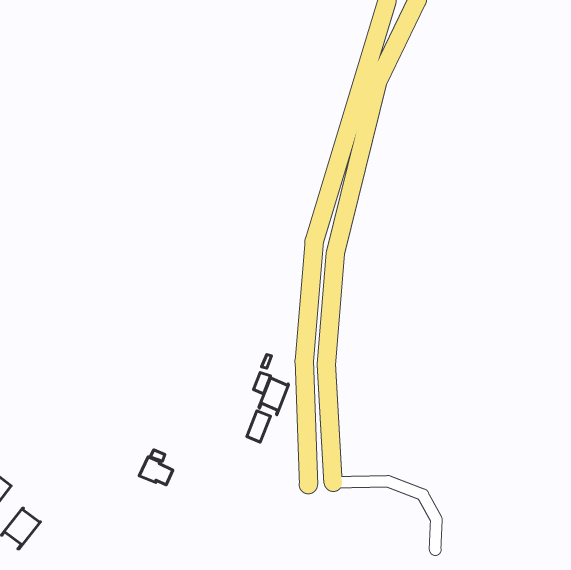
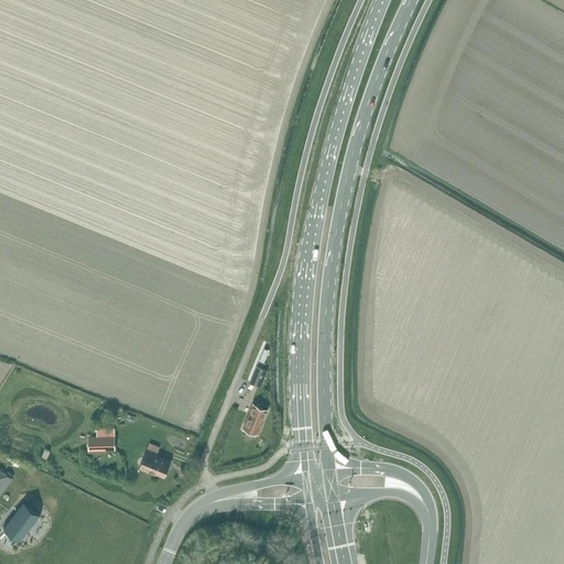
building: [259,377,289,415] -> none
building: none -> [87,431,113,454]

